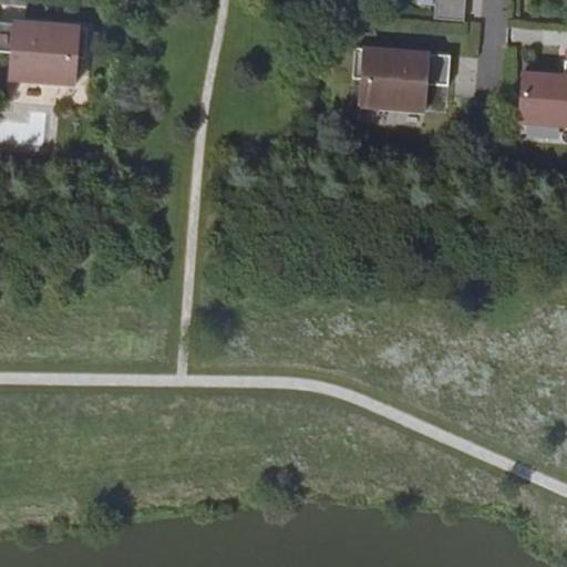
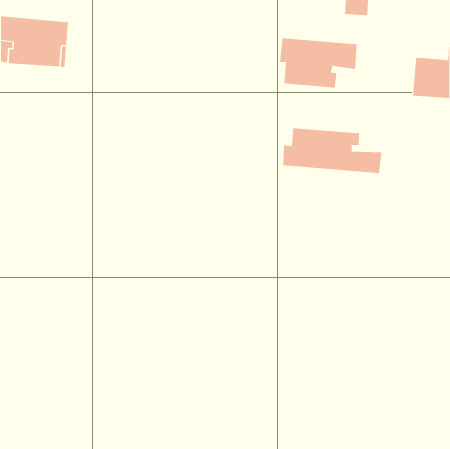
building: none -> [283,128,382,174]

